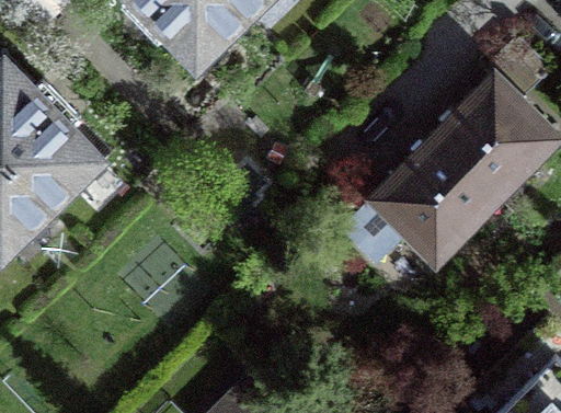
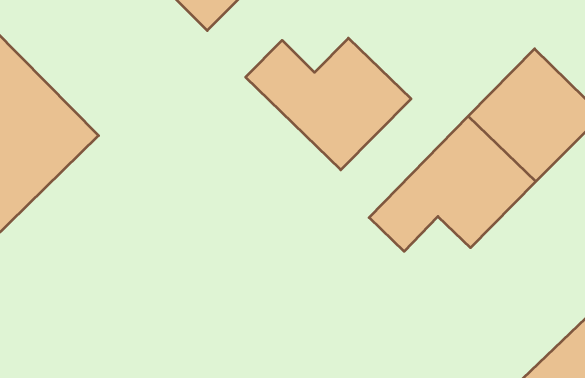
building: none -> [246,38,411,170]

